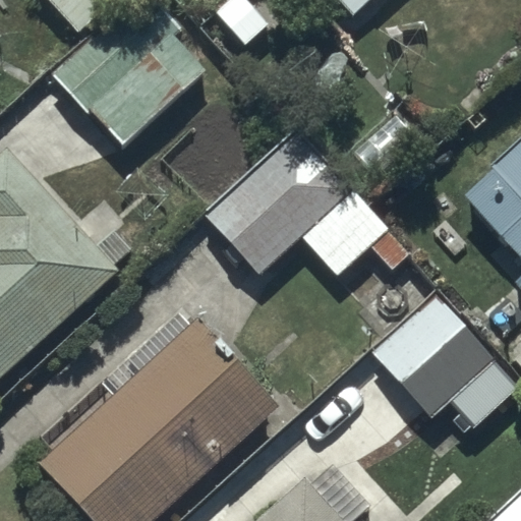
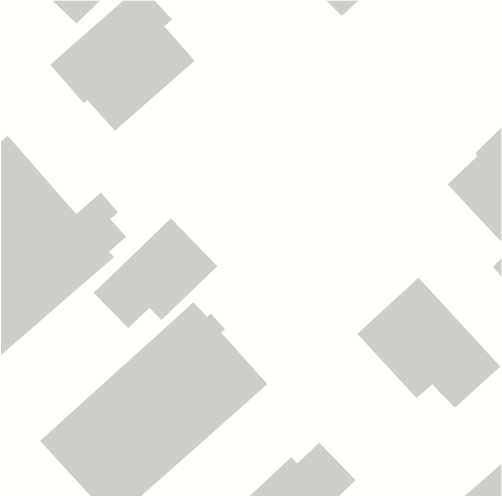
building: [204,127,410,279] -> none
building: none -> [93,217,218,329]

